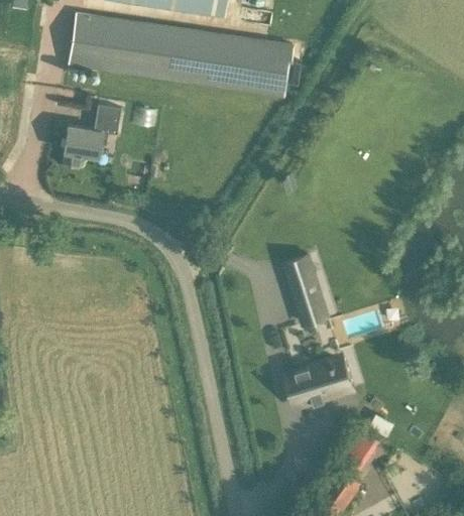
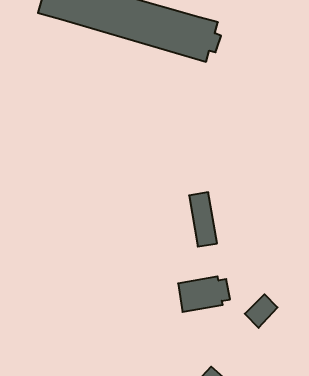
building: [62,104,121,167] -> none
building: [343,426,382,469] -> [245,294,278,328]

